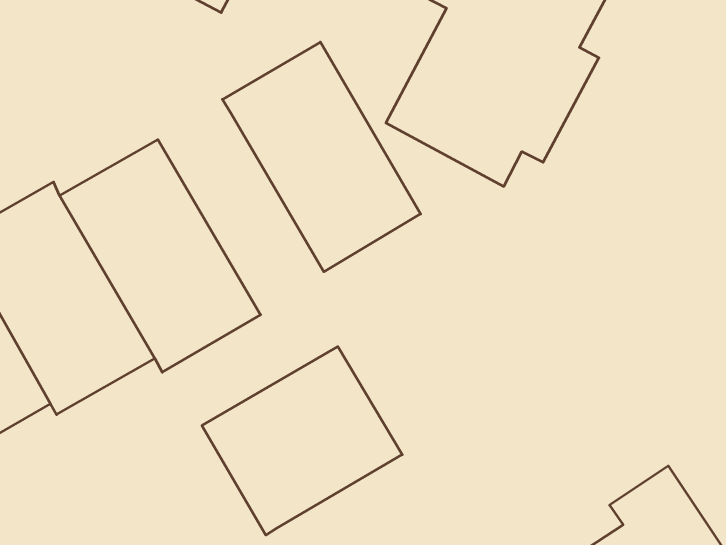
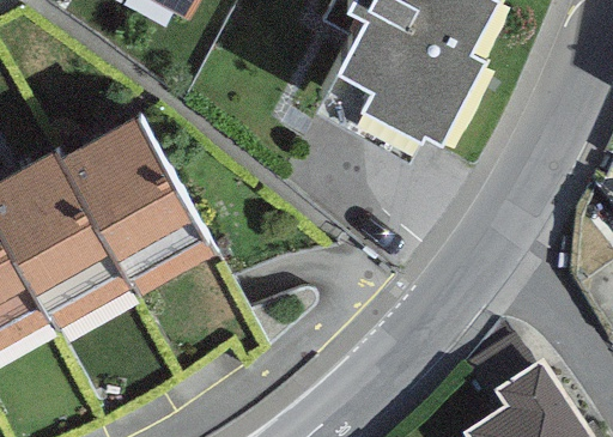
building: [222,42,421,272] -> none
building: [202,347,402,535] -> none

